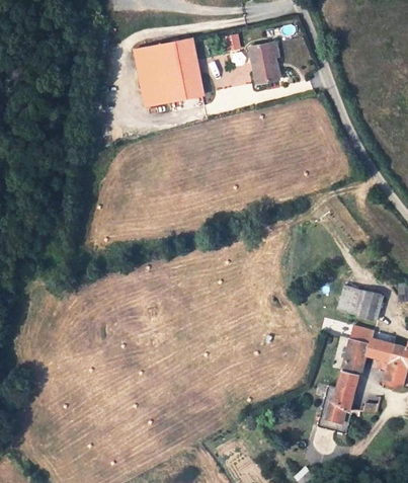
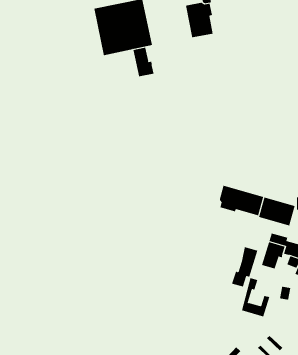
building: none -> [133,47,154,77]
building: none -> [219,185,264,216]
building: [325,370,358,420] -> [231,247,258,287]

